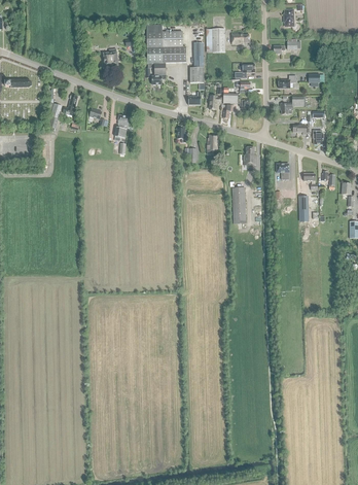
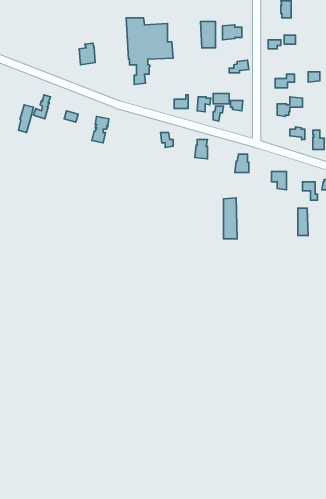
building: [189,41,204,82] -> none

